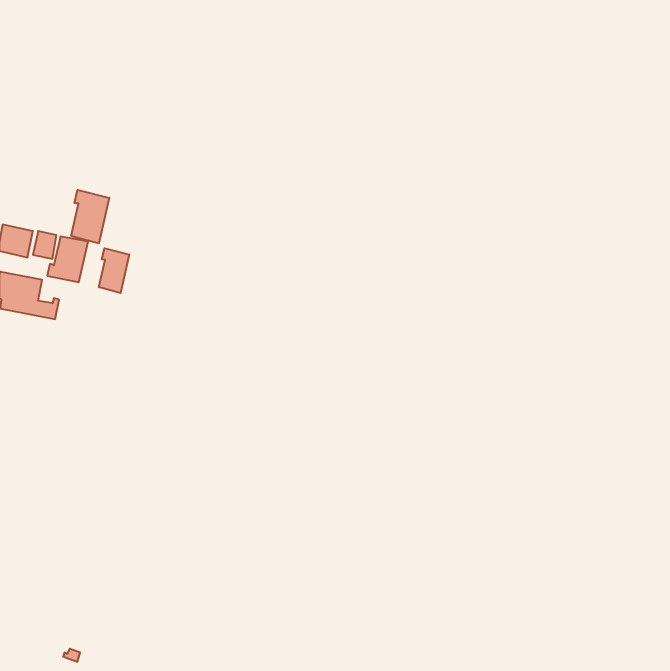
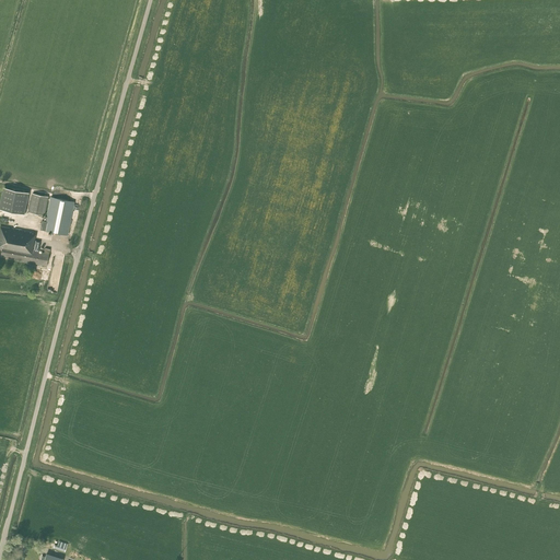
building: [71,190,109,243] -> none
building: [99,248,129,293] -> none

